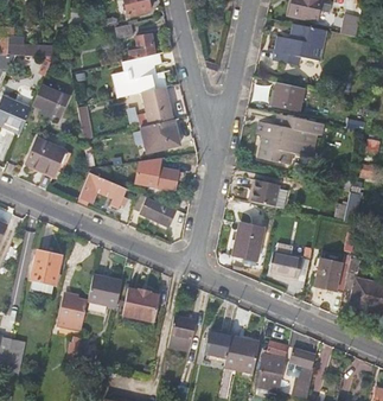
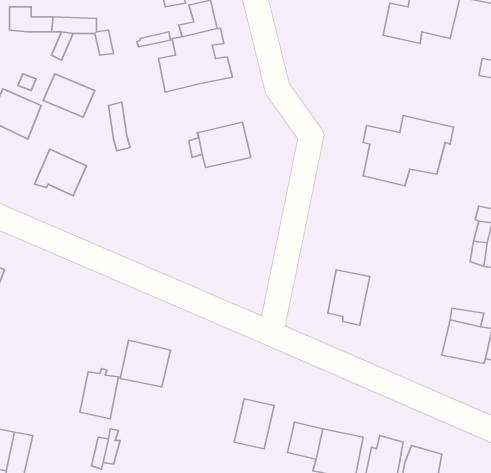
building: [272,81,304,109] -> none
building: [140,87,173,126] -> none
building: [135,157,178,189] -> none
building: [78,172,127,206] -> none
building: [251,178,287,206] -> none
building: [139,196,177,225] -> none
building: [268,242,302,278] -> none
building: [30,250,60,292] -> none
building: [122,287,160,320] -> none

